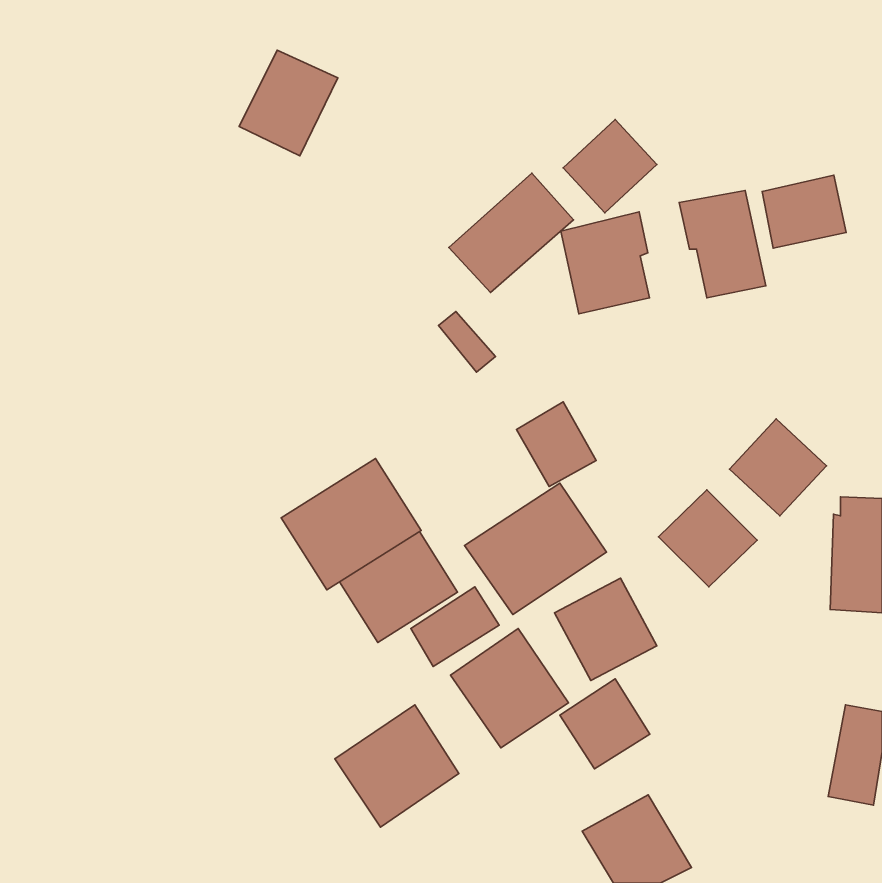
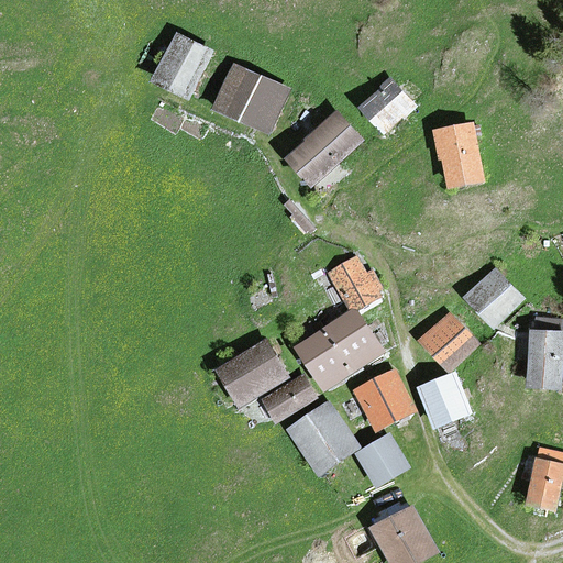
building: none -> [212,63,292,136]
building: [762,175,846,248] -> none
building: [561,212,650,314] -> none
building: [281,459,421,590] -> none
building: none -> [418,371,473,429]
building: [335,705,459,827] -> none

